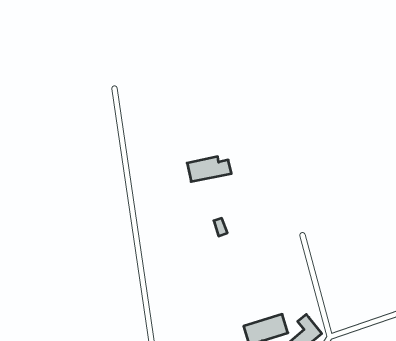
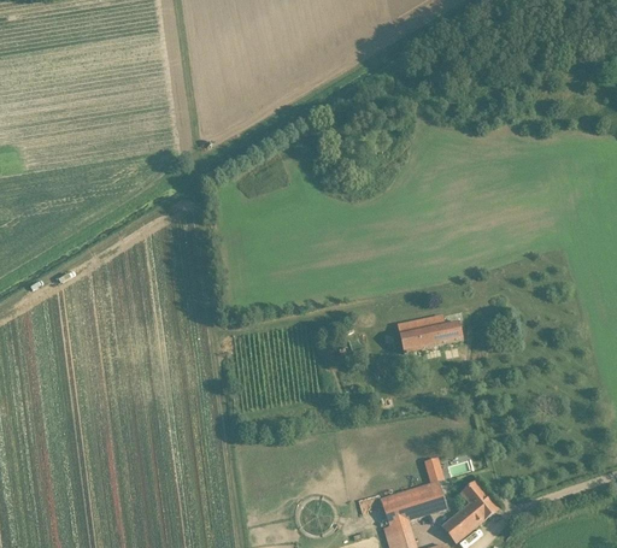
building: [187,157,231,182] -> [396,314,463,352]

